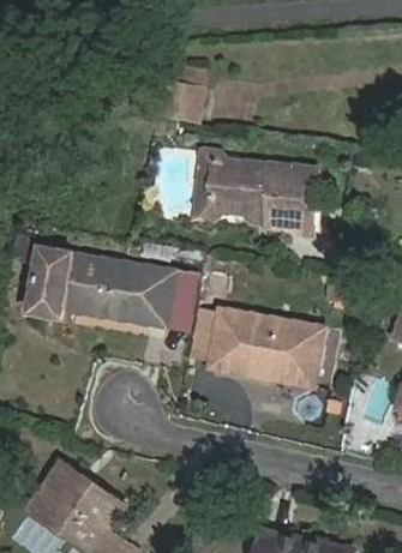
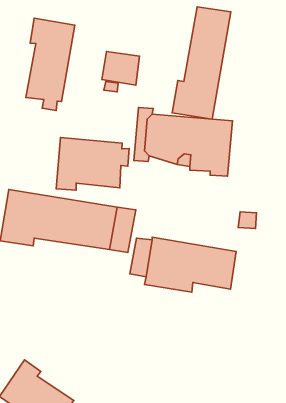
building: none -> [172,7,231,119]
building: none -> [26,18,75,110]
building: none -> [56,138,129,190]

